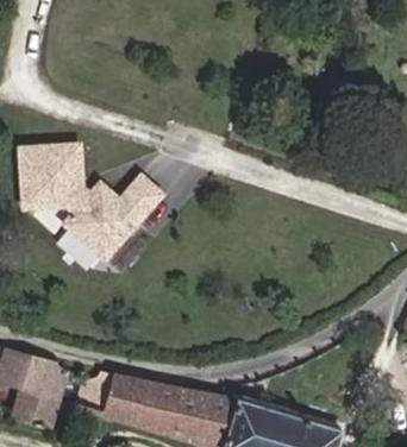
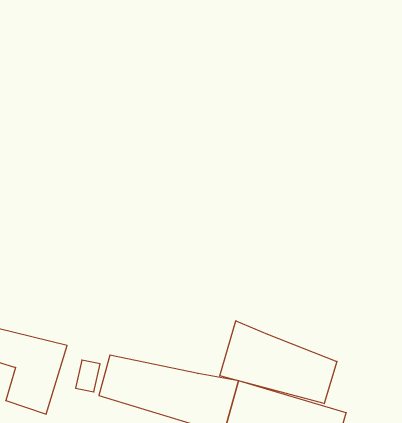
building: [19,144,159,257] -> none
building: none -> [220,321,337,404]

